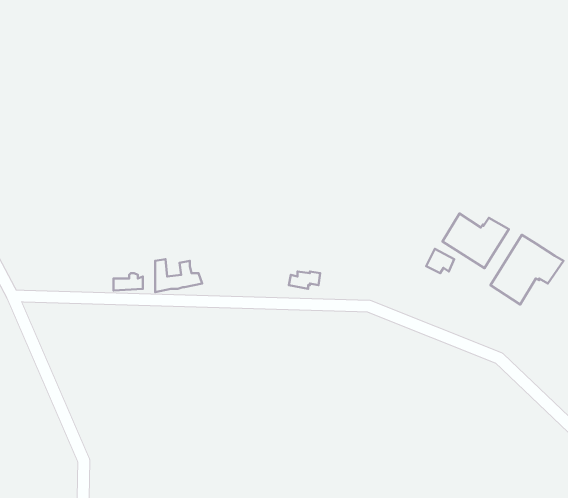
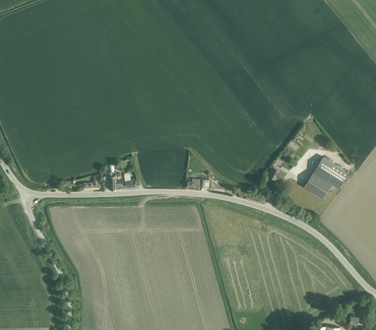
building: [442,213,509,268] -> none

